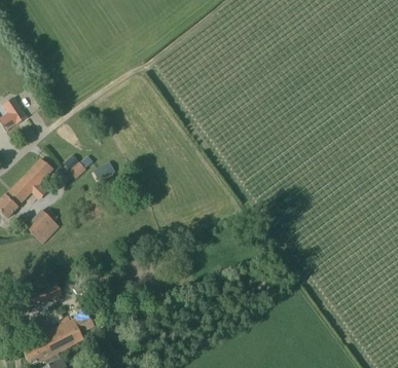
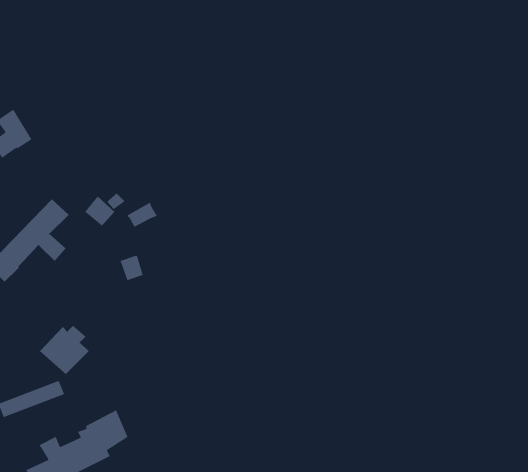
building: [25,208,60,243] -> [39,325,89,375]

